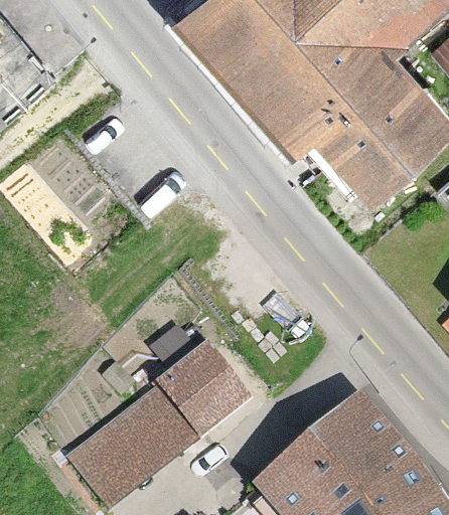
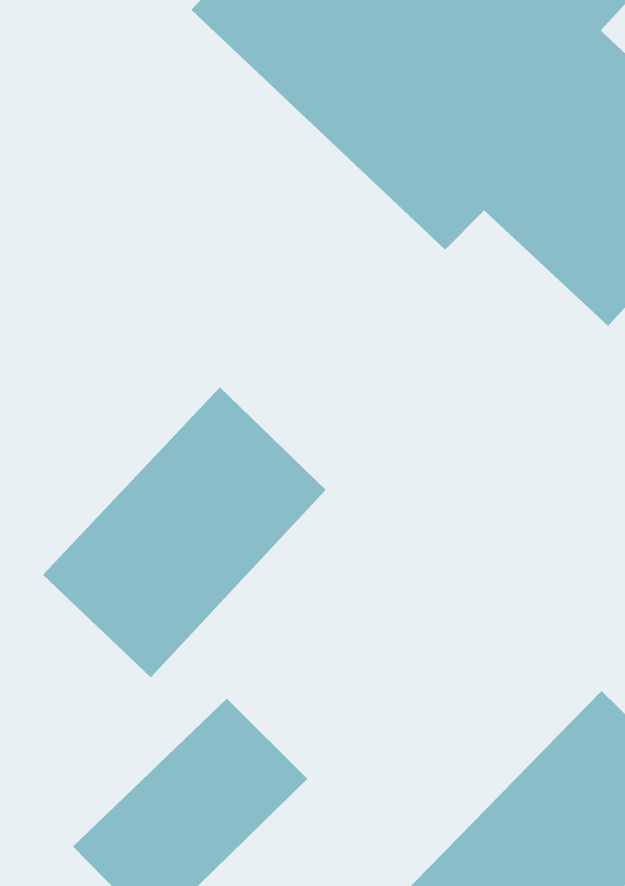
building: none -> [42,387,326,678]
building: [171,358,259,444] -> none

